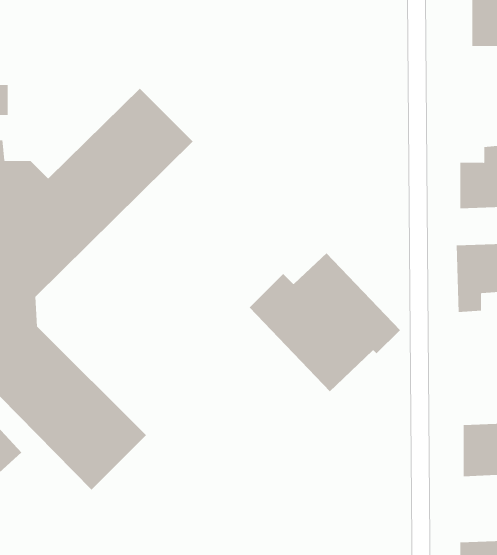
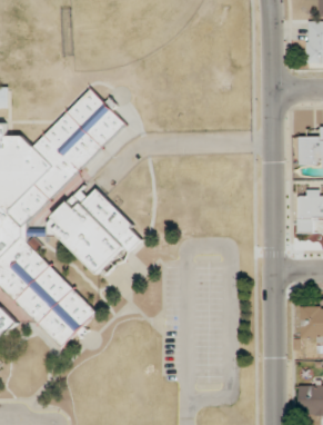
building: [249,252,401,392] -> [47,188,144,278]

